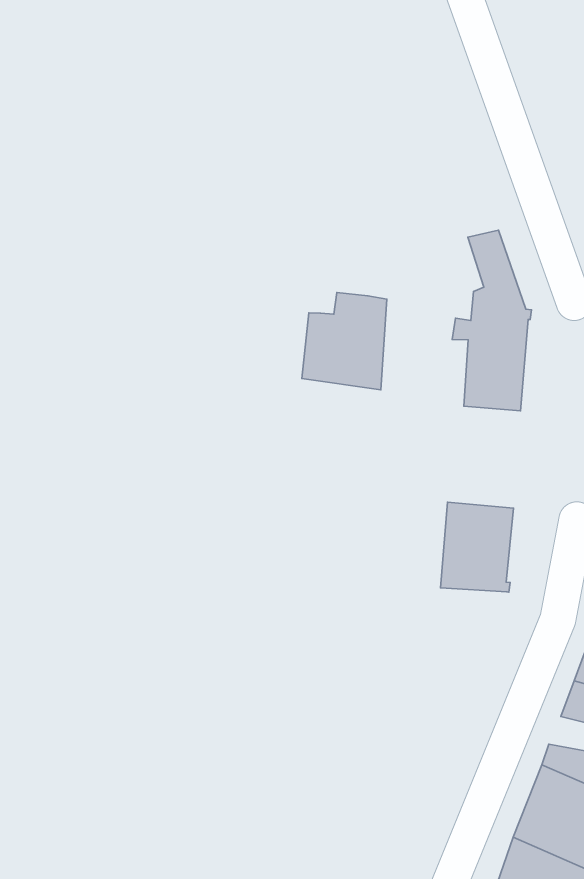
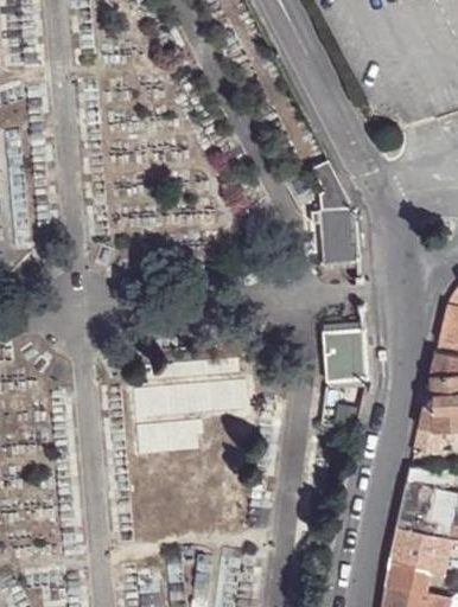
building: [302,293,387,390] -> none

